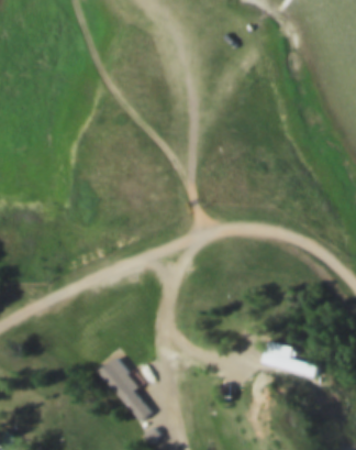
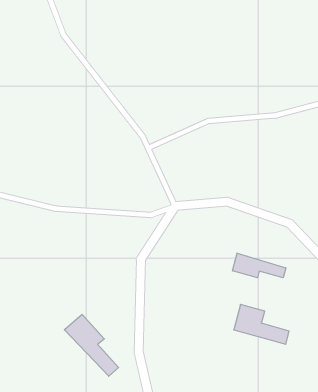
building: none -> [233,253,286,278]

